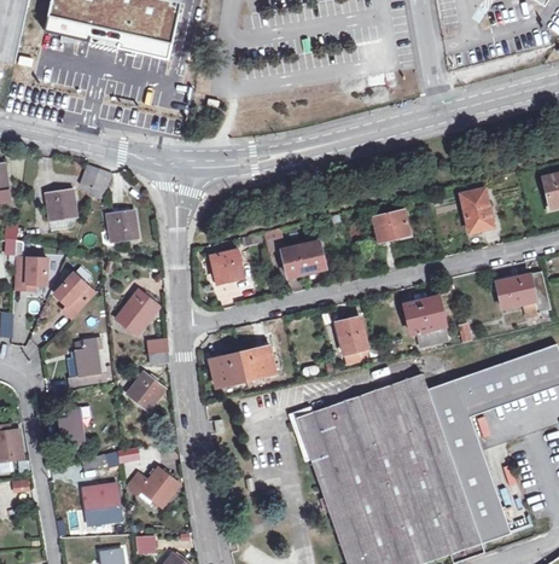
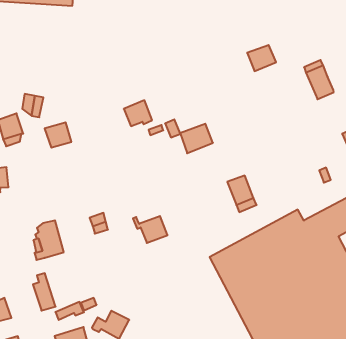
building: [372,209,408,240] -> [247,45,276,71]
building: [209,248,244,279] -> [124,100,152,126]
building: [53,272,95,318] -> none
building: [115,289,158,335] -> none
building: [404,296,448,347] -> none
building: [239,335,274,379] -> none
building: [126,371,164,409] -> none

